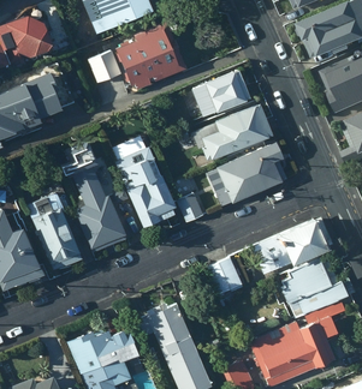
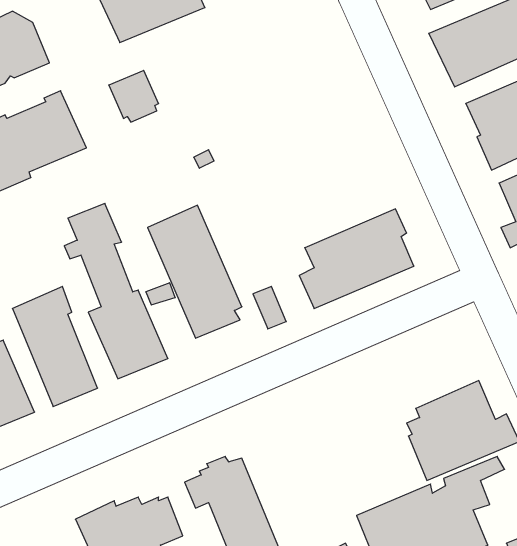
building: [113,19,185,86] -> none
building: [191,70,249,116] -> none
building: [200,101,272,160] -> none
building: [251,216,326,274] -> none
building: [208,257,243,295] -> none

